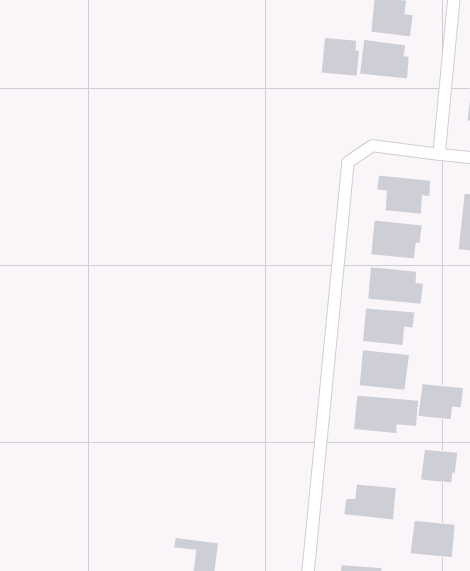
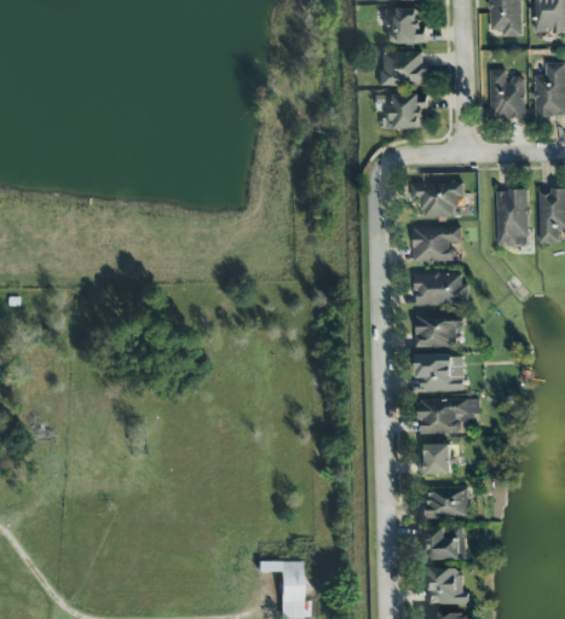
building: [321,37,360,76] -> [387,93,425,129]
building: [418,383,463,420] -> none
building: [420,449,458,483] -> [420,442,454,474]
building: [410,521,455,558] -> [423,526,466,560]

